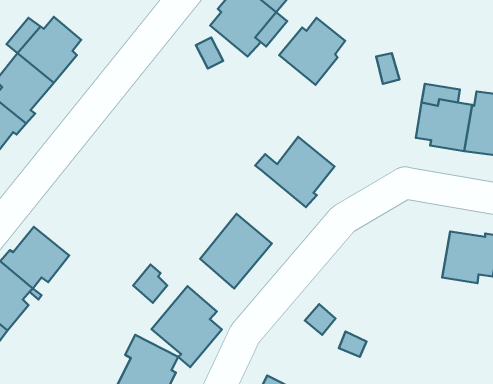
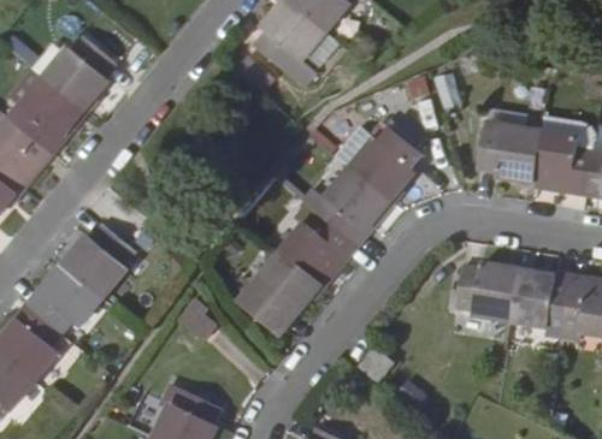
building: [279,18,345,85] -> [350,126,423,200]
building: none -> [283,203,359,284]
building: none -> [61,226,132,297]
building: none -> [456,265,517,321]
building: [152,286,222,367] -> none

